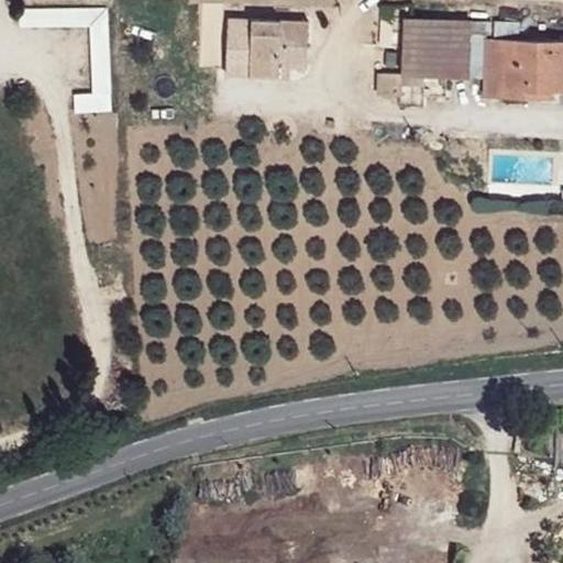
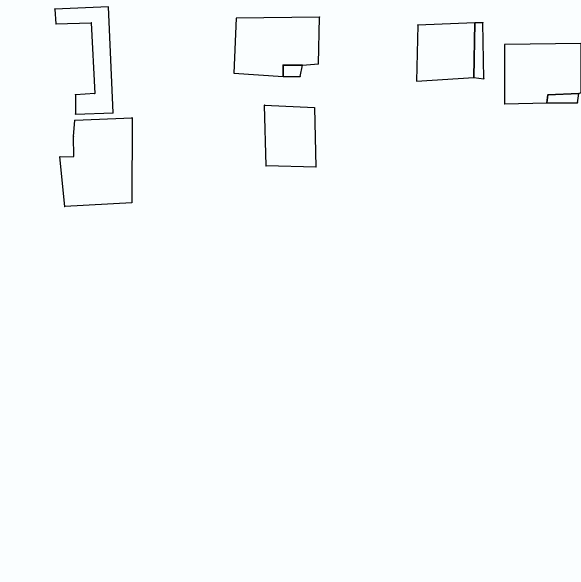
building: none -> [265,105,316,167]
building: none -> [60,118,132,207]

